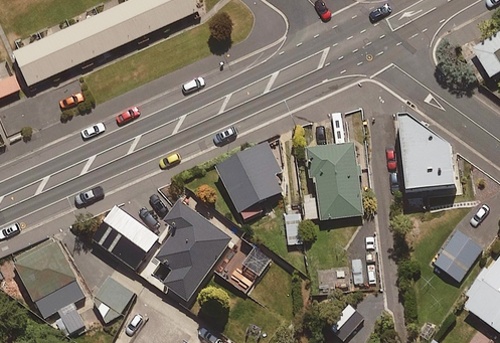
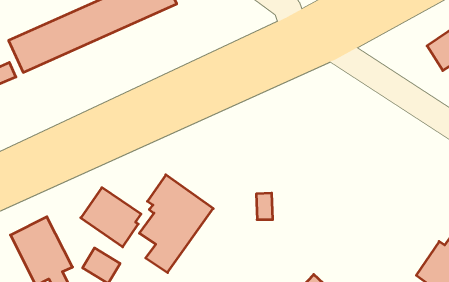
building: [399,119,454,192] -> none
building: [219,145,285,213] -> none
building: [312,146,364,220] -> none
building: [433,229,482,281] -> none

